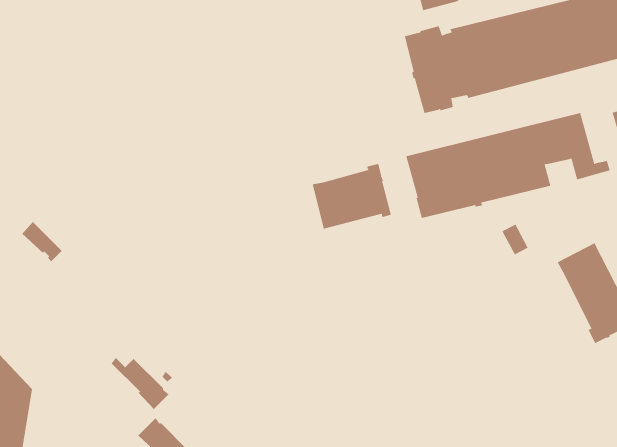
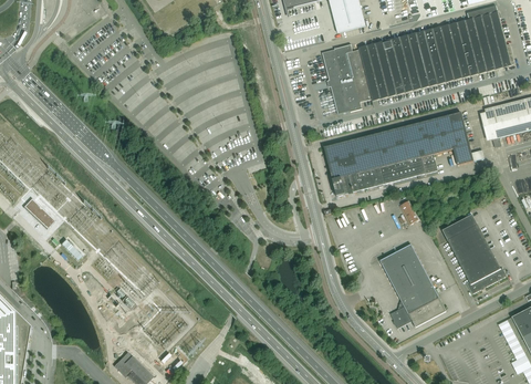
building: [312,163,391,229] -> none
building: none -> [381,243,442,328]
building: [111,357,170,410] -> none

